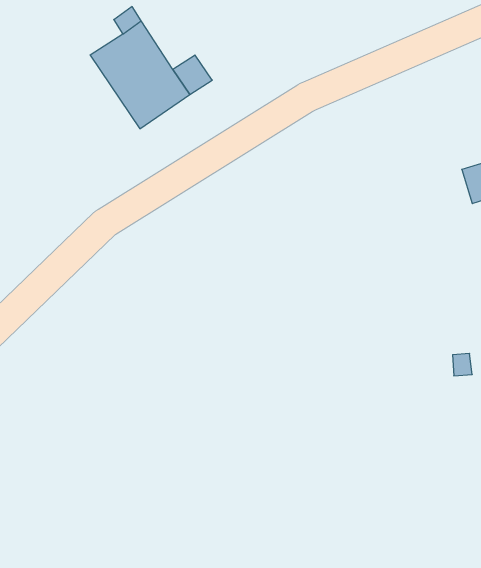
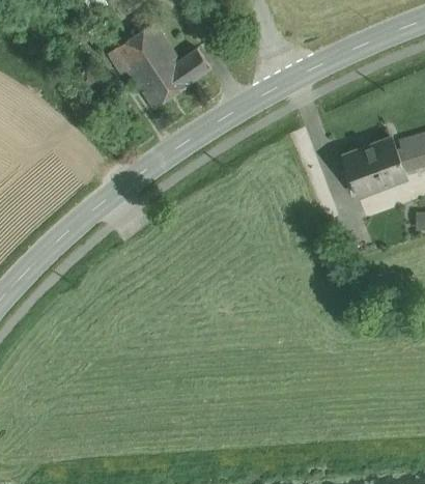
building: none -> [341,138,405,197]

